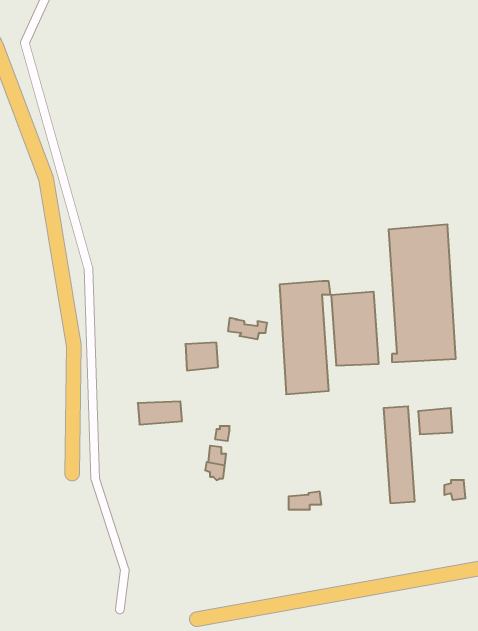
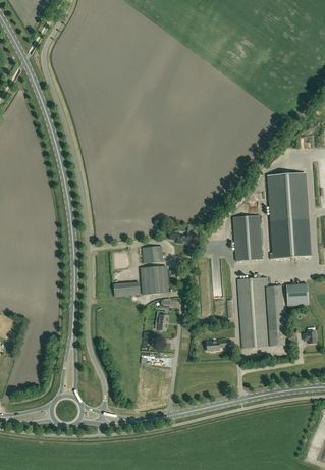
building: [280,281,330,394] -> [236,277,268,348]
building: none -> [140,265,167,294]

